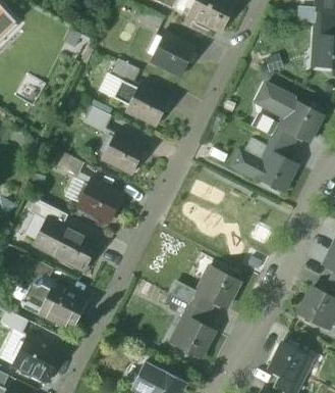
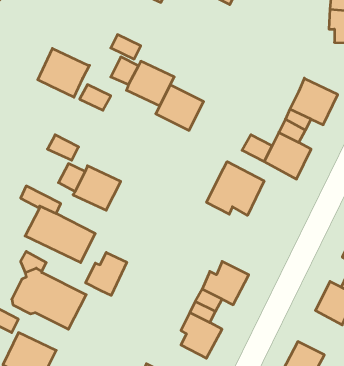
building: [151,34,194,76] -> none
building: none -> [38,48,90,97]
building: [255,85,291,112] -> none
building: [102,132,146,174] -> [156,85,204,130]
building: none -> [207,162,264,215]
building: none -> [86,252,127,295]

